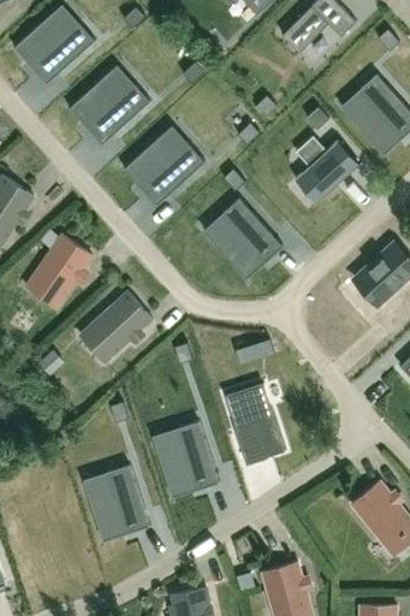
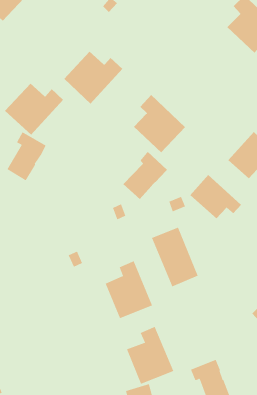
building: [69,73,150,144] -> [4,83,64,135]
building: [295,140,360,202] -> none
building: [90,291,153,356] -> [123,151,168,200]
building: none -> [190,174,242,219]
building: [87,463,149,540] -> [126,326,174,385]

